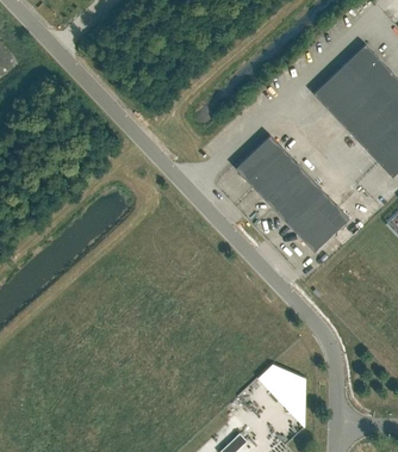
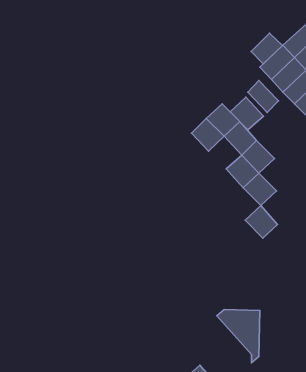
building: none -> [251,33,283,64]
building: none -> [248,80,278,113]
building: [254,173,292,210] -> [230,97,264,130]
building: [311,198,348,235] -> [245,206,278,238]

